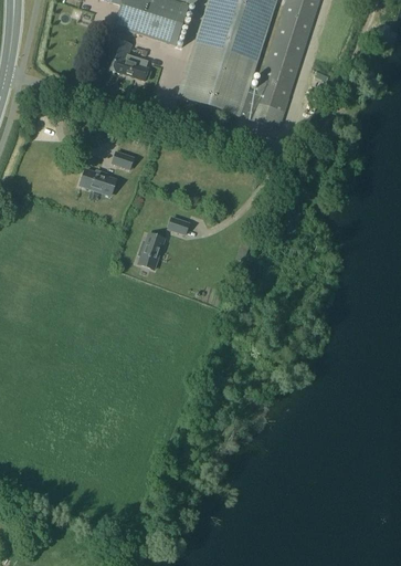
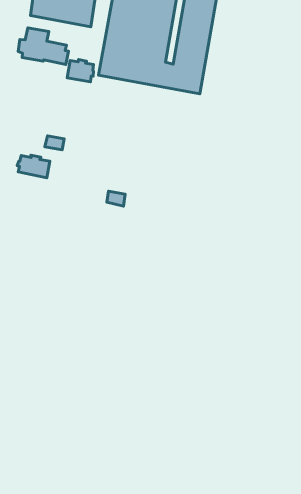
building: none -> [67,59,94,82]
building: [139,232,166,268] -> none

